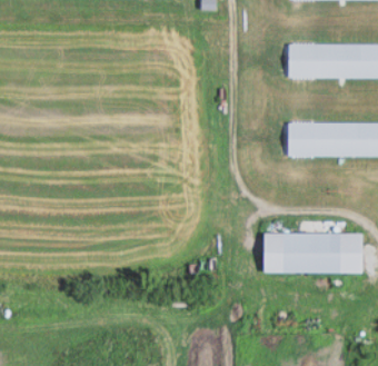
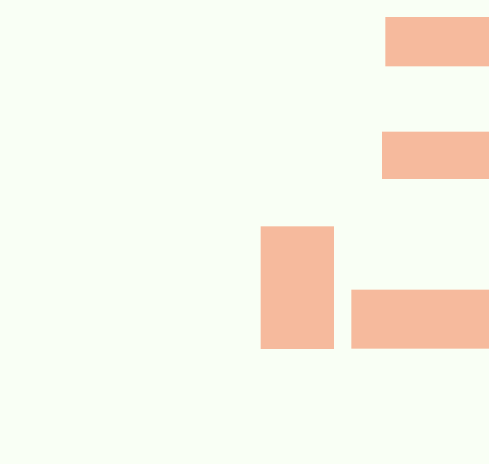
building: none -> [260,226,335,350]

